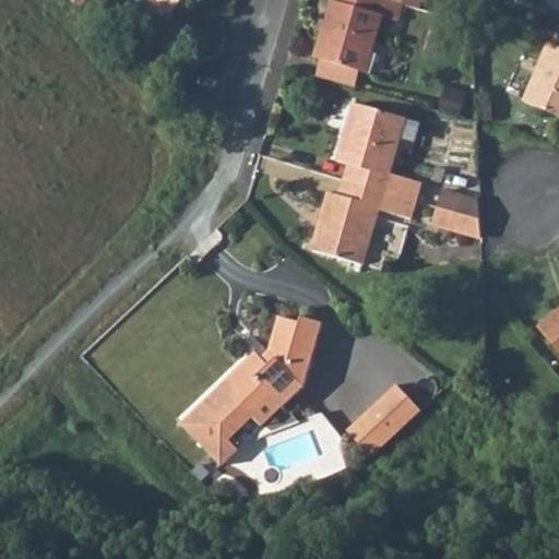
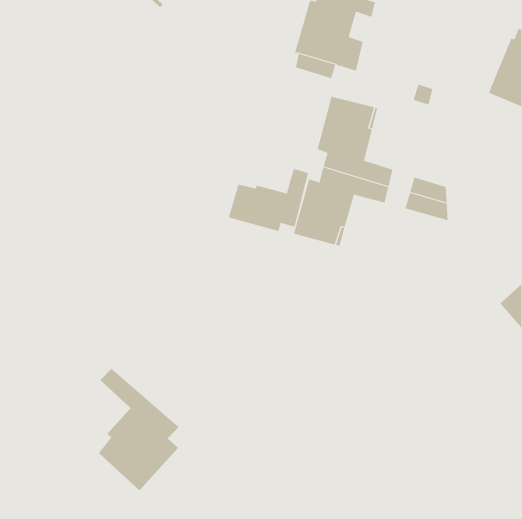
building: none -> [228,168,308,232]
building: [181,314,321,464] -> none
building: [354,382,427,452] -> none
building: none -> [98,368,179,491]

